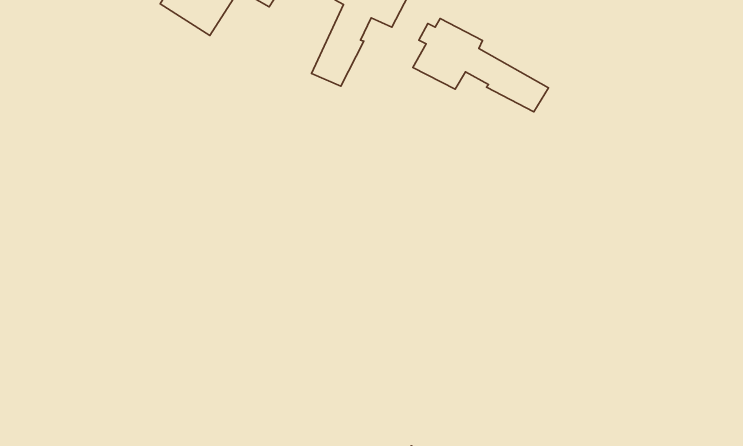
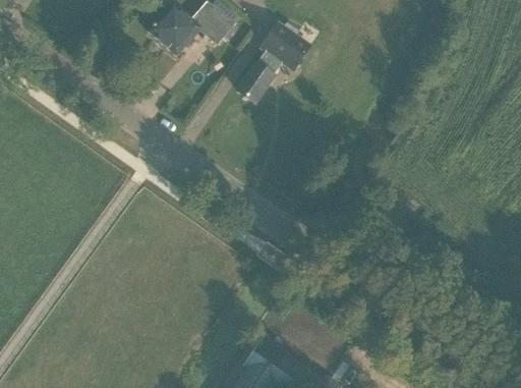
building: [413,19,549,112] -> none

